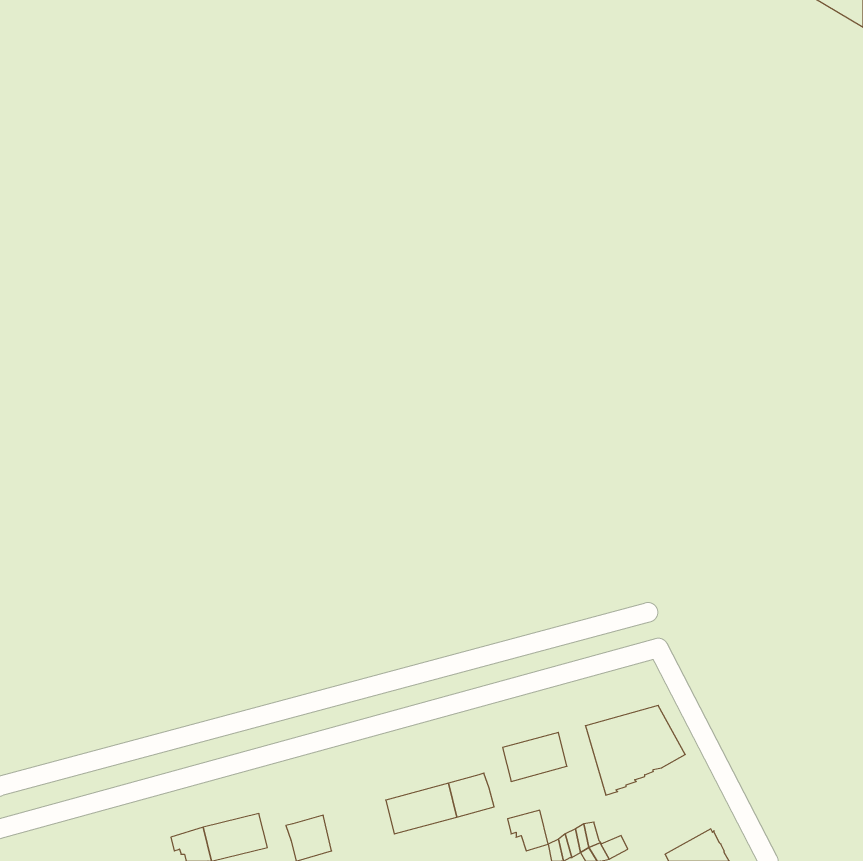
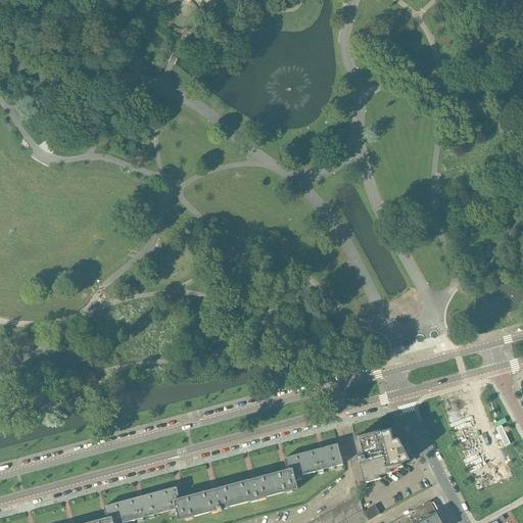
building: none -> [195,483,238,514]
building: none -> [156,485,179,512]
building: [508,810,548,851] -> [284,451,308,476]

